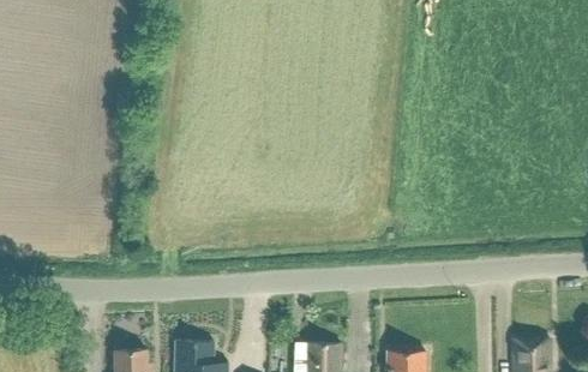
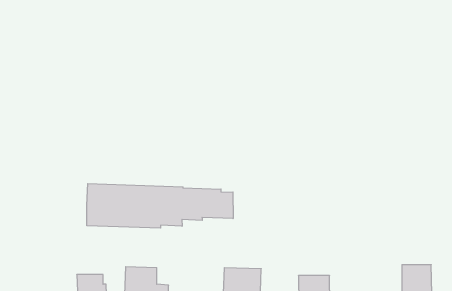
building: none -> [87,184,233,228]

